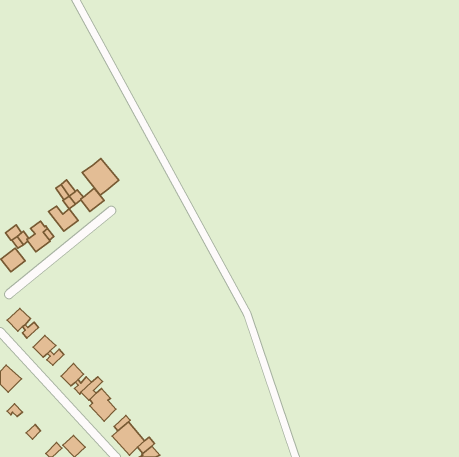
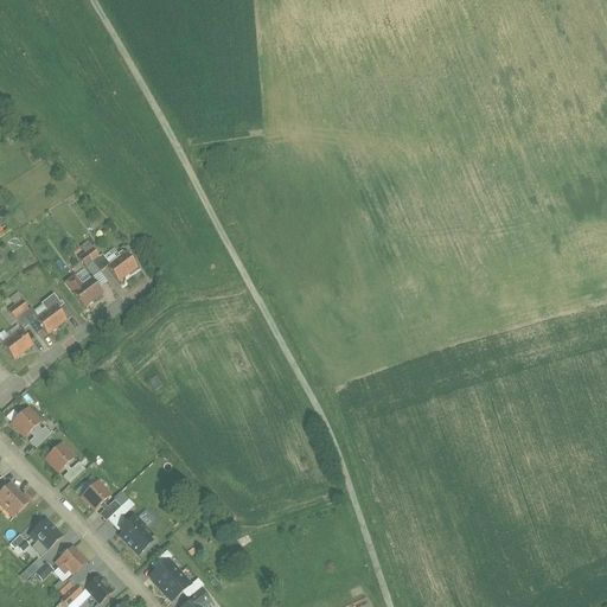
building: [82,158,119,195] -> none
building: none -> [27,519,60,551]
building: none -> [53,543,88,574]

